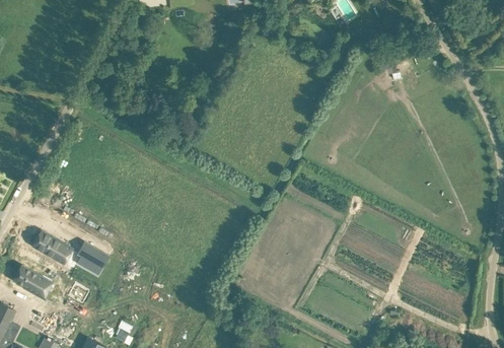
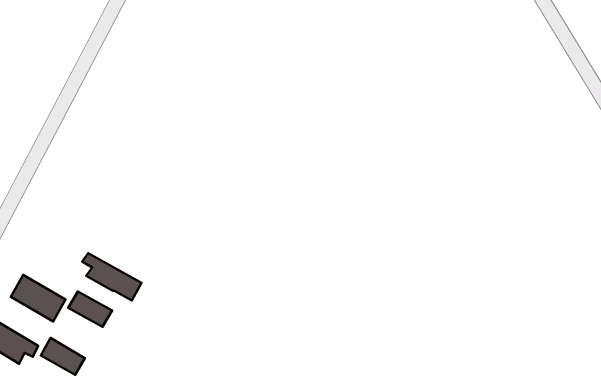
building: none -> [82,253,142,300]

